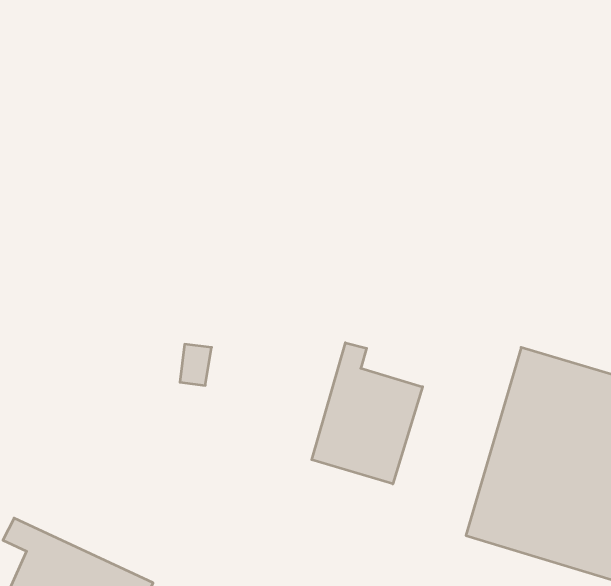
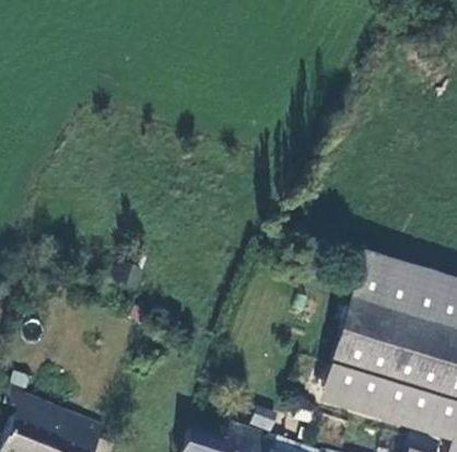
building: [312,343,423,484] -> none

